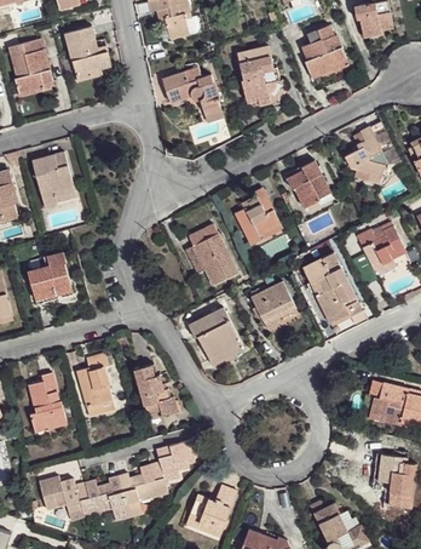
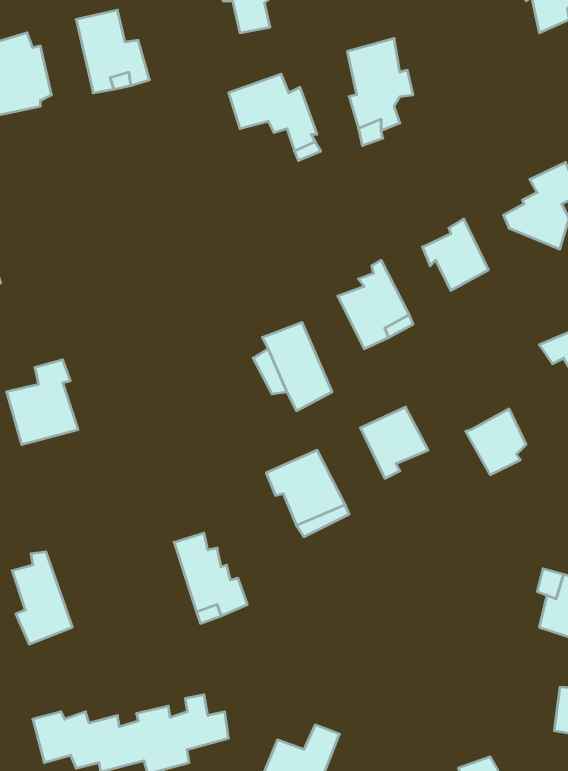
building: [299,27,344,76] -> none
building: [29,150,74,205] -> none
building: [302,255,345,294] -> none
building: [75,358,109,408] -> none
building: [149,438,194,479] -> none

